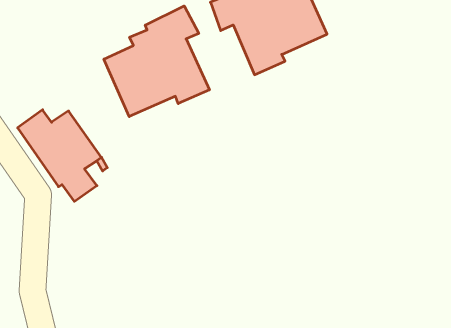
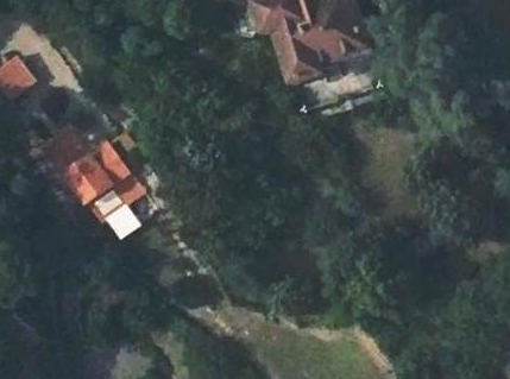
building: [104,6,209,117] -> none

